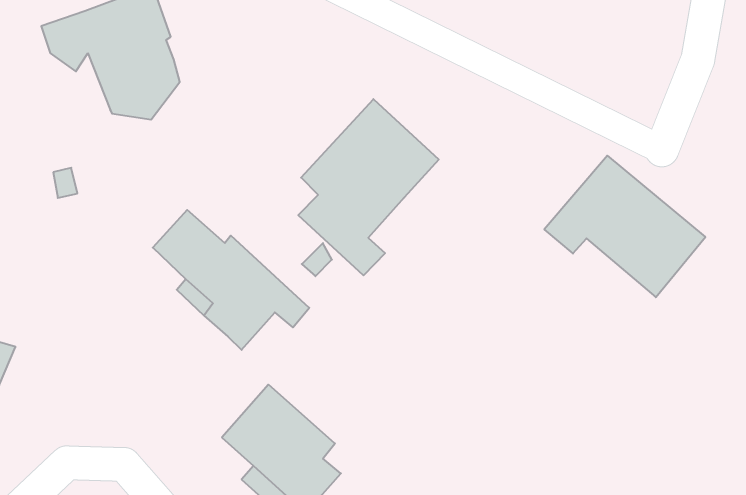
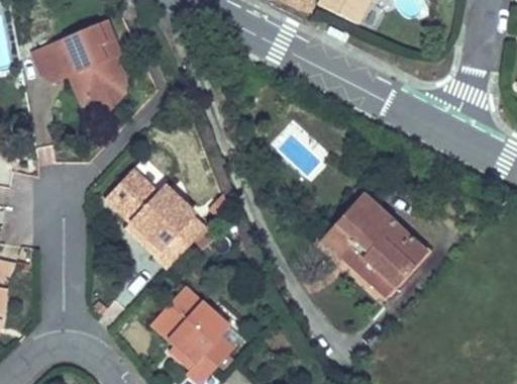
building: [298,99,439,275] -> none
building: [544,156,705,297] -> [320,200,428,295]

